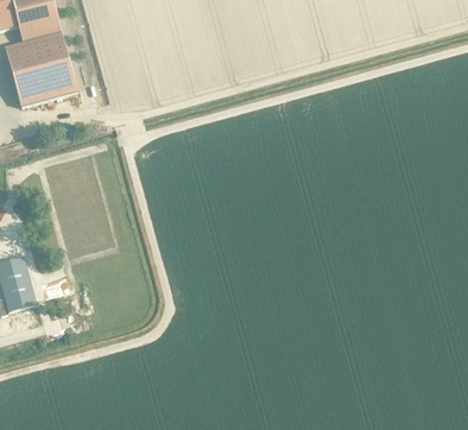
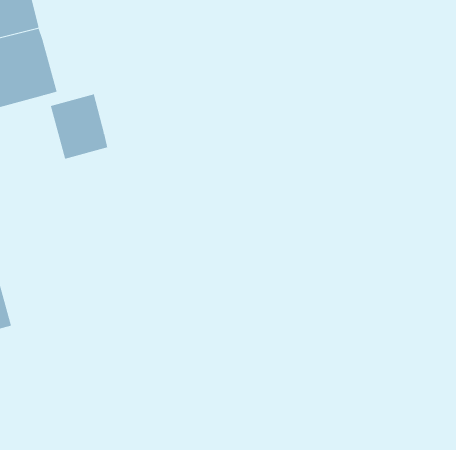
building: none -> [50,93,108,159]

